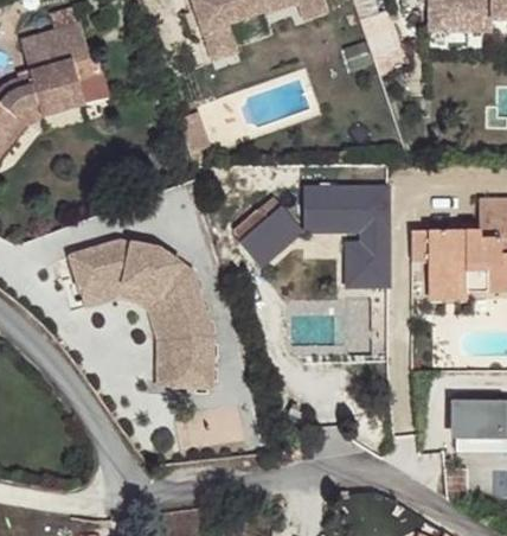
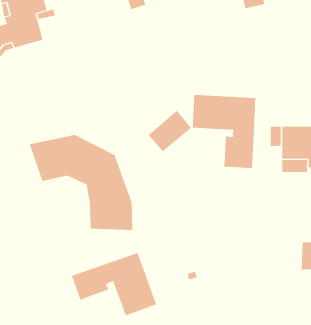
building: none -> [71,252,157,316]

